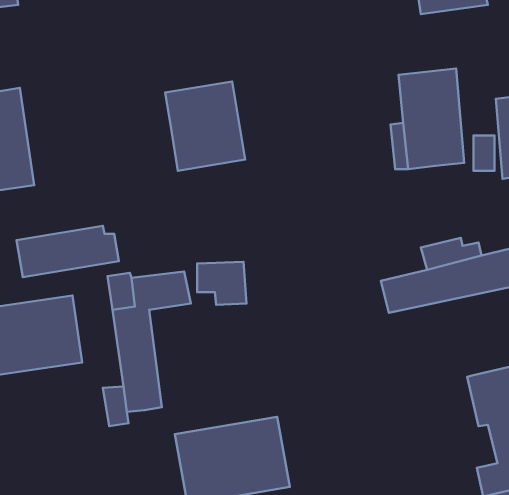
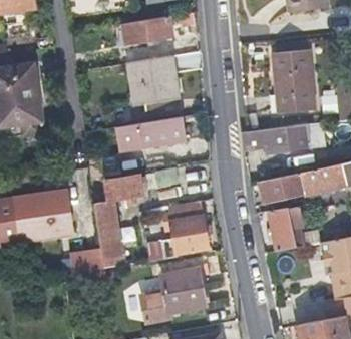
building: none -> [117,14,194,46]
building: none -> [238,121,322,152]
building: [17,226,119,277] -> [116,118,181,150]
building: none -> [269,207,307,251]
building: none -> [171,213,209,252]

